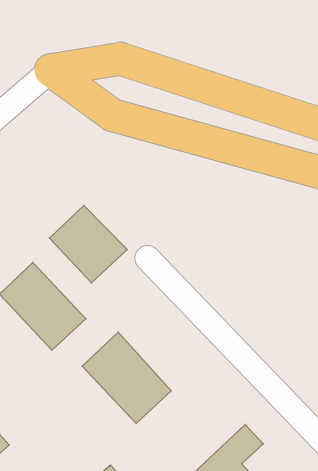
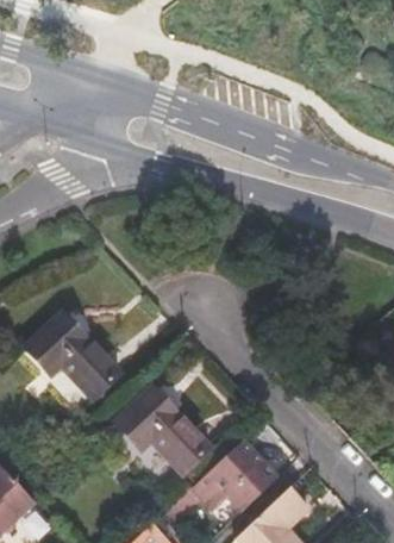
building: [49,206,127,283] -> none
building: none -> [183,437,279,507]

